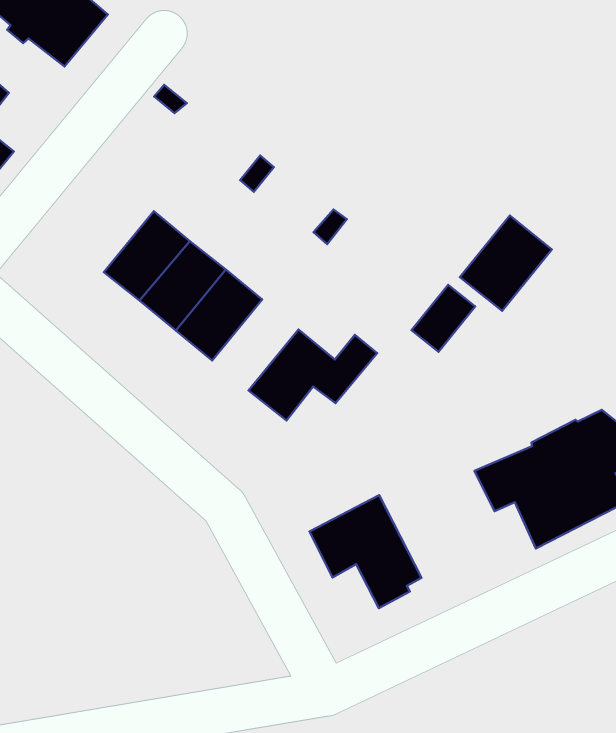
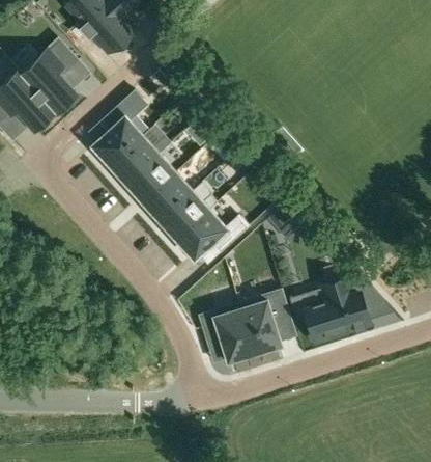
building: none -> [96,96,147,165]
building: [460,216,552,311] -> none
building: none -> [163,192,210,239]
building: none -> [239,290,292,351]

